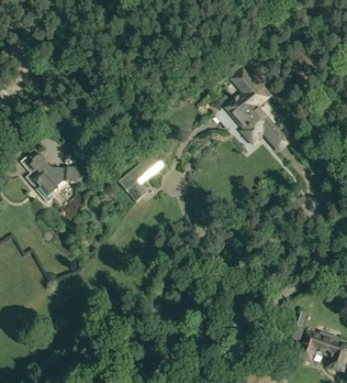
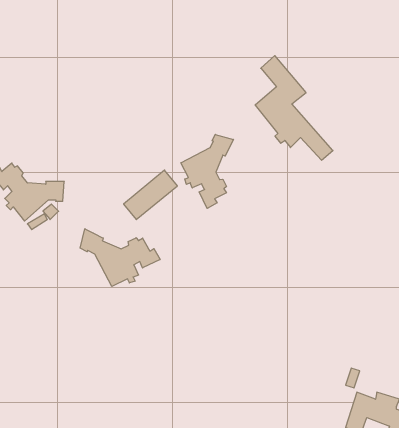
building: none -> [181,134,233,208]
building: none -> [80,229,160,286]

